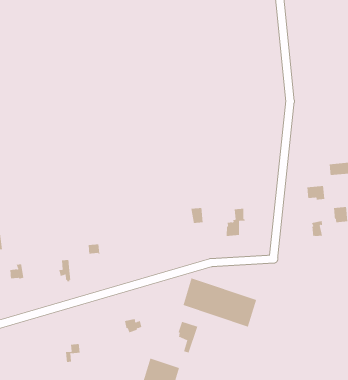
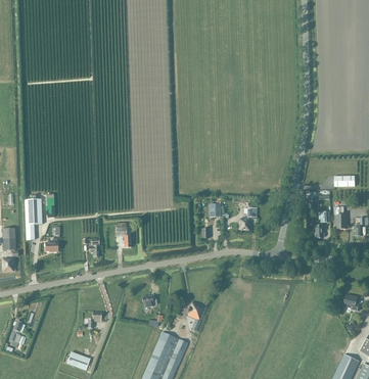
building: [183,277,257,328] -> none

